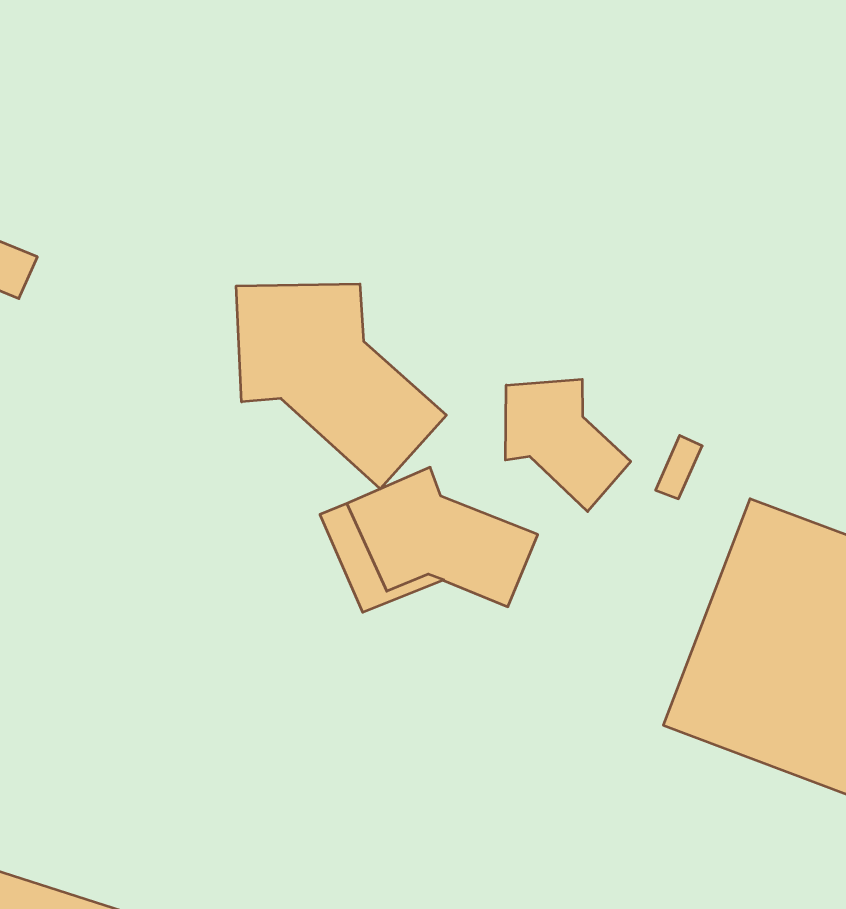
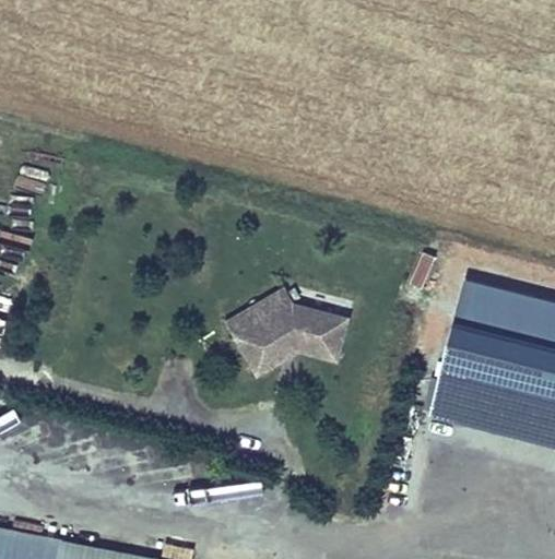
building: [236,284,446,489] -> none
building: [505,379,631,512] -> none

